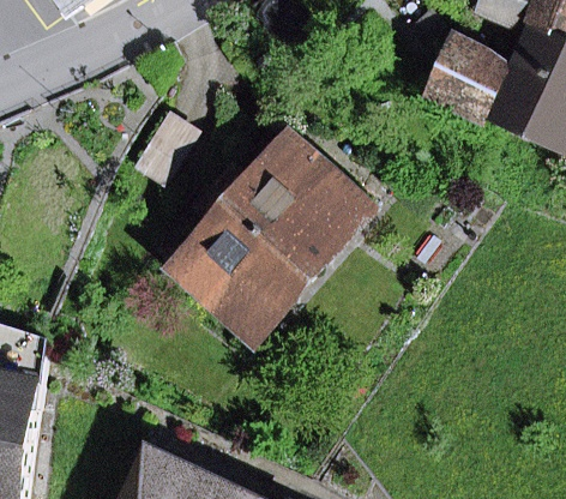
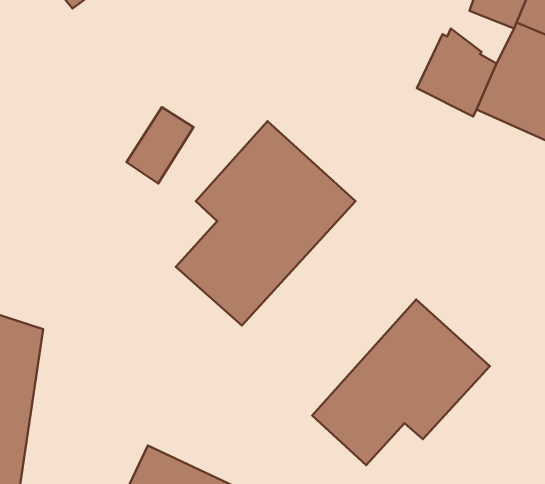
building: none -> [312,300,490,465]

